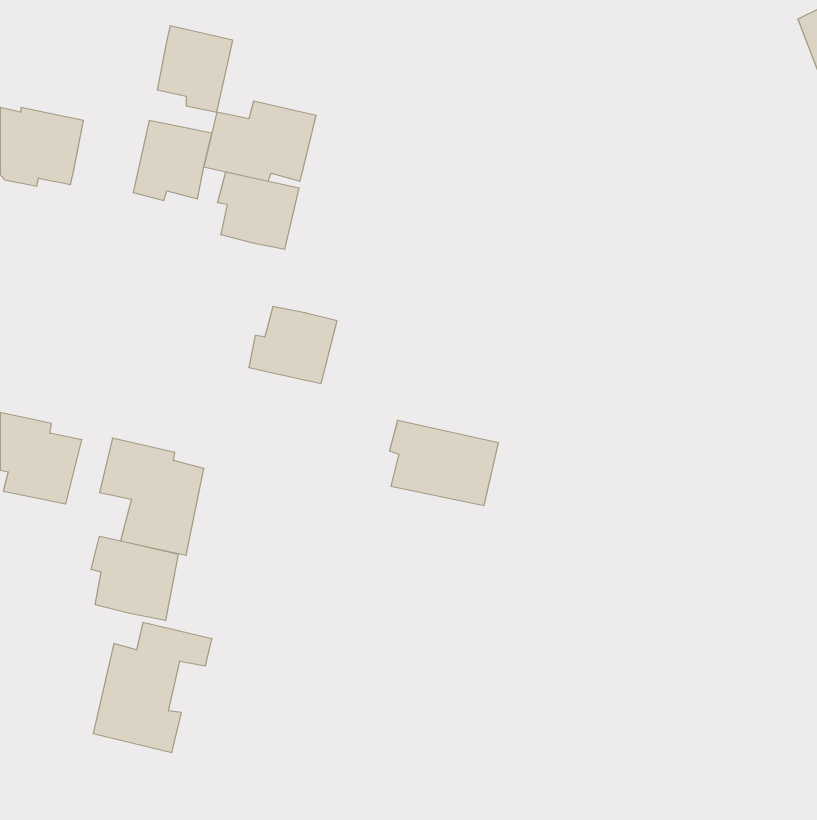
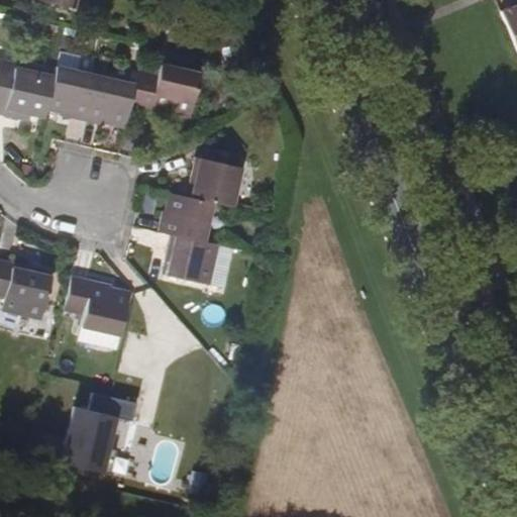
building: [157,26,233,112] -> [48,67,96,121]
building: [217,172,299,249] -> [192,158,243,206]
building: [389,420,499,506] -> [167,234,235,288]
building: [91,536,178,621] -> none

